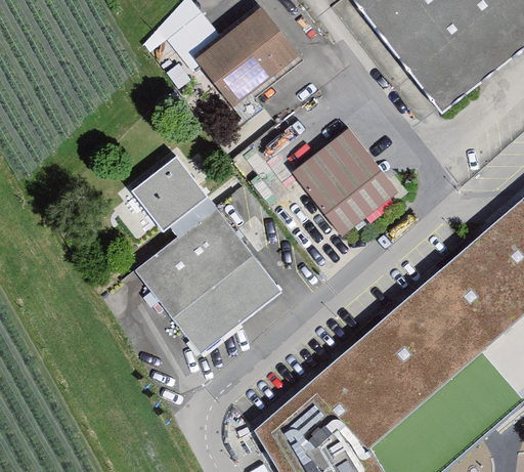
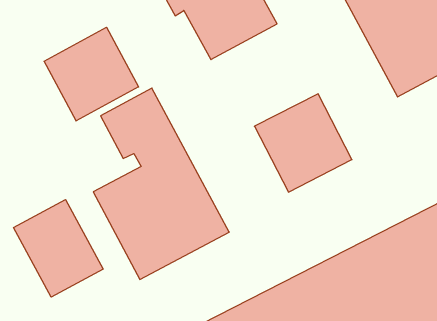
building: none -> [44,27,139,121]
building: none -> [14,200,103,297]

